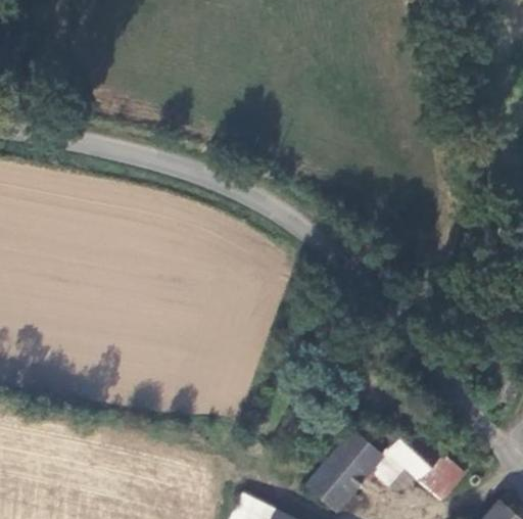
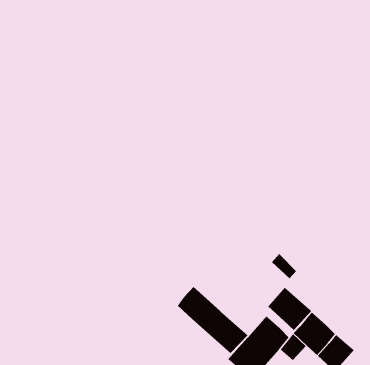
building: none -> [177,286,249,354]
building: none -> [267,287,312,331]

